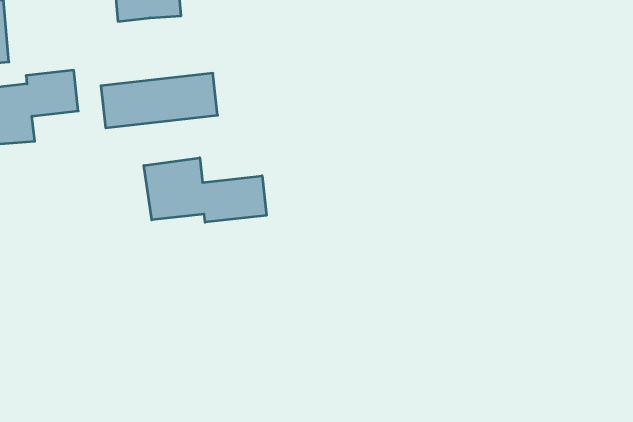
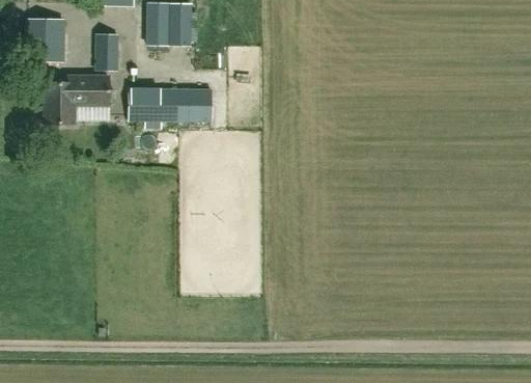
building: none -> [96,33,118,71]
building: [144,158,266,222] -> none

